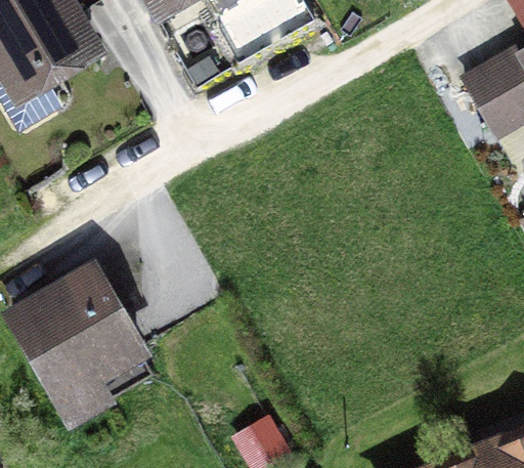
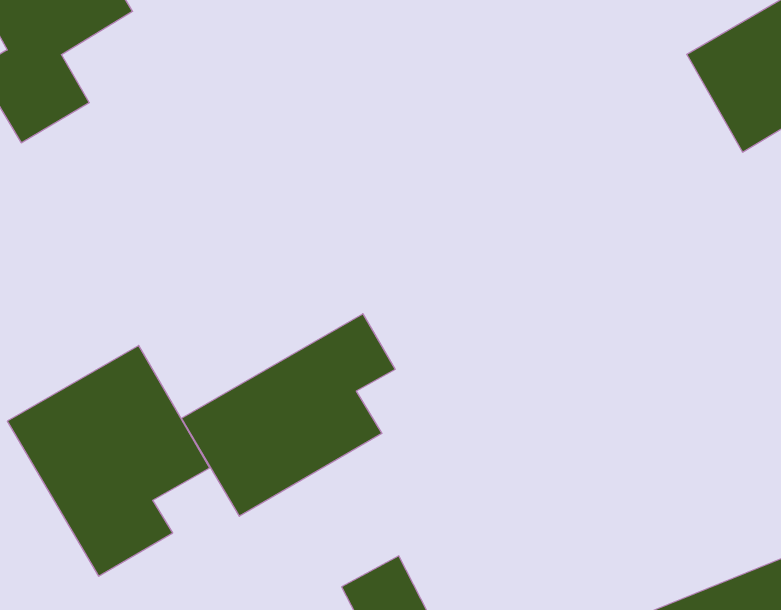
building: none -> [182,314,395,516]

